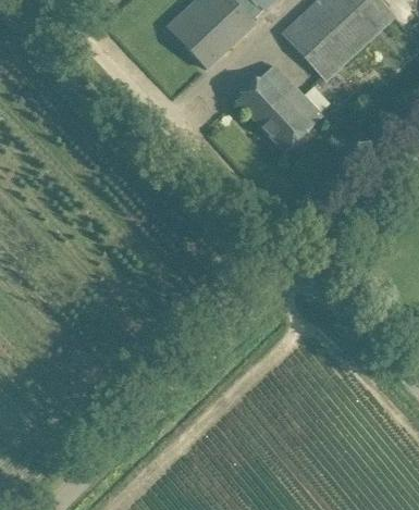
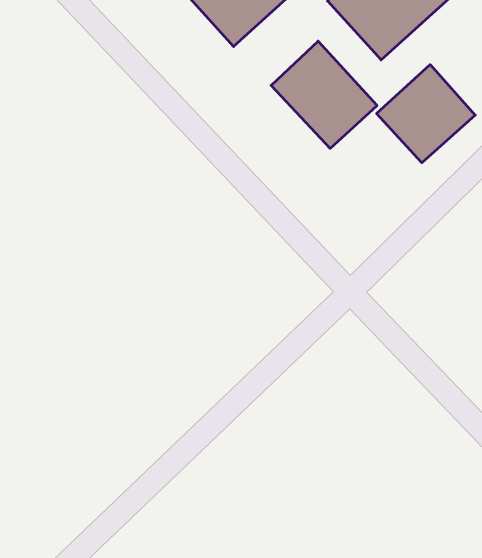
building: none -> [377,65,475,163]

